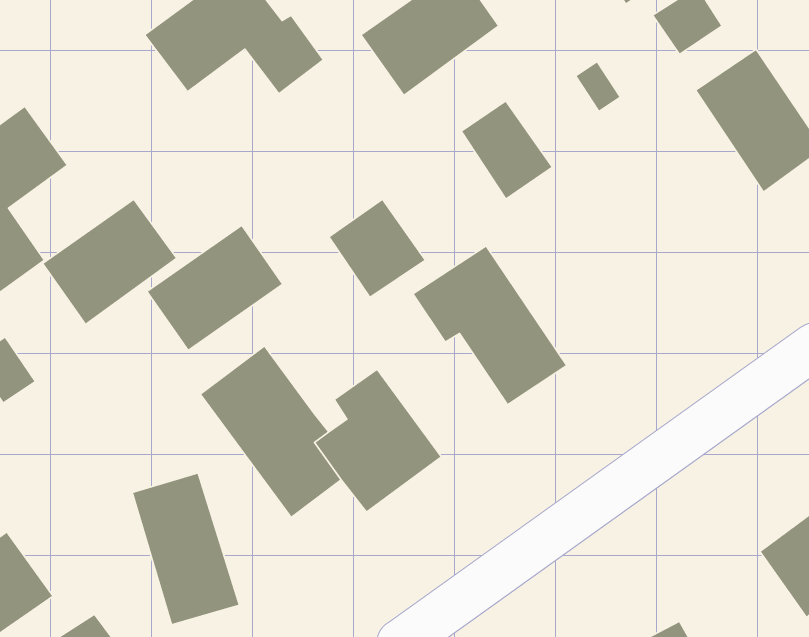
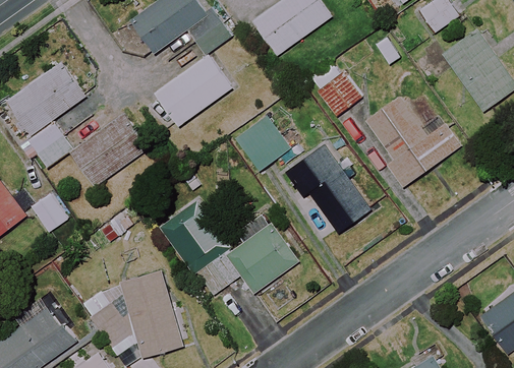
building: none -> [365,97,461,188]
building: [147,225,283,350] -> [155,55,232,126]
building: none -> [80,280,139,355]

